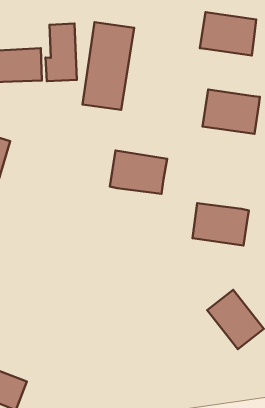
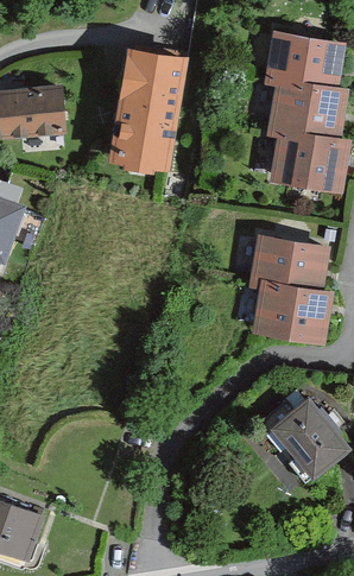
building: [45,24,77,81] -> none
building: none -> [265,89,341,150]
building: [110,150,167,194] -> [252,239,325,295]

